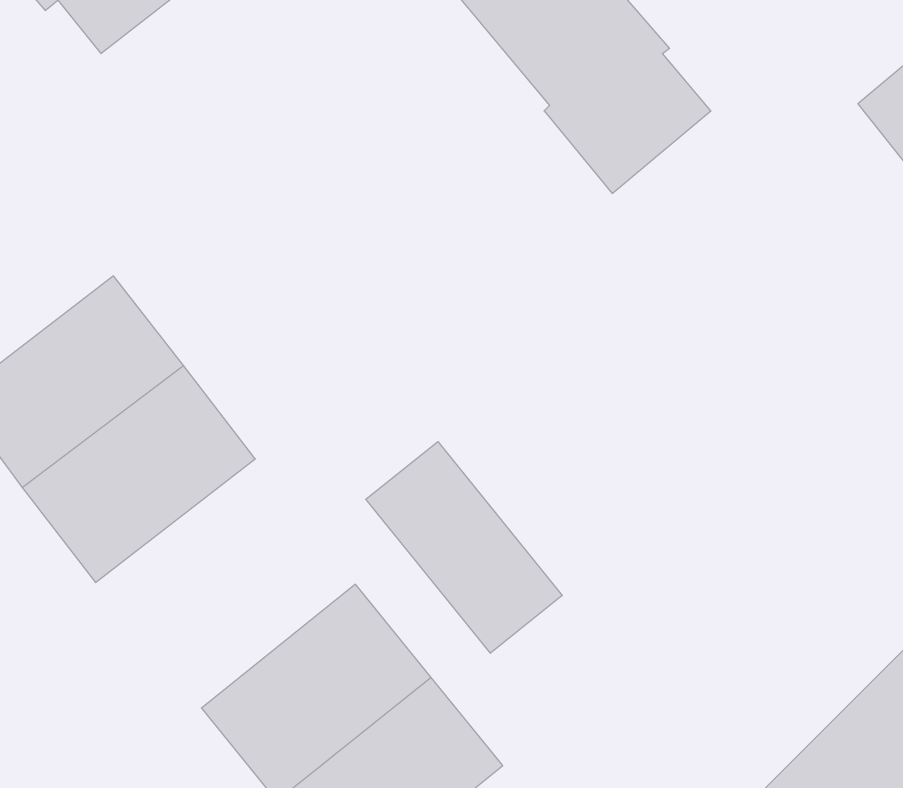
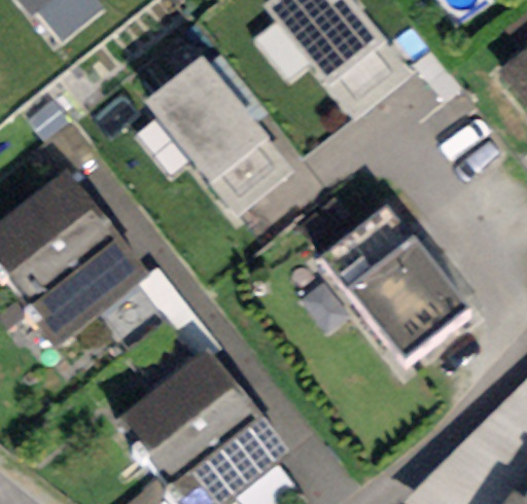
building: none -> [145,56,292,217]
building: none -> [321,205,470,359]
building: [366,442,562,653] -> none

